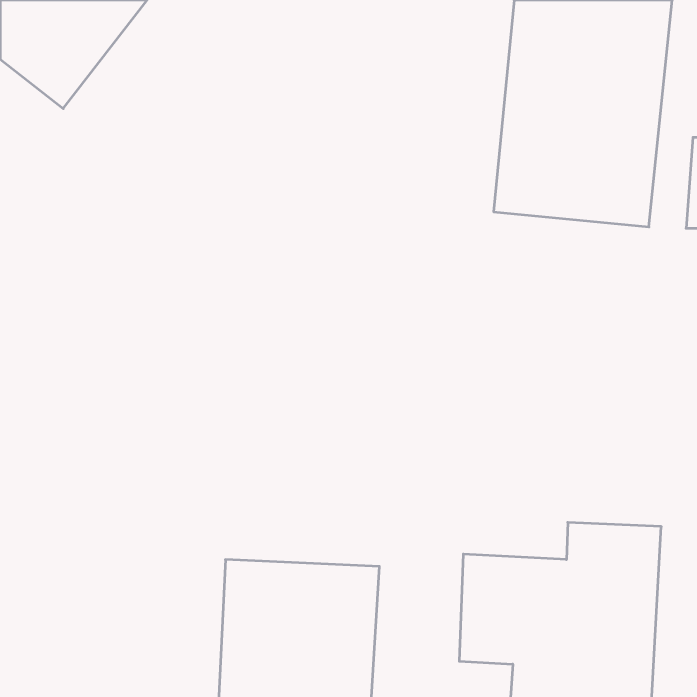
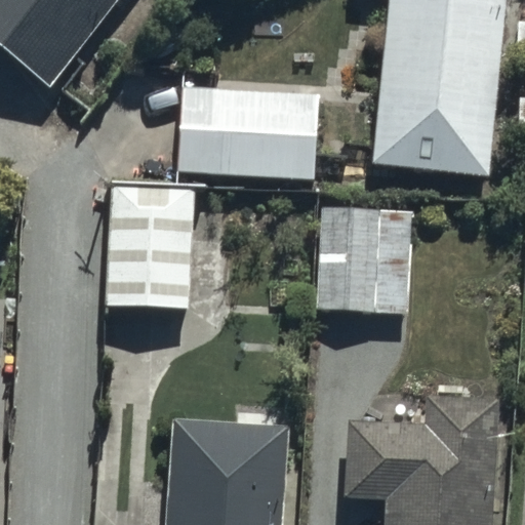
building: none -> [178,86,320,179]
building: none -> [108,184,194,308]
building: none -> [318,207,414,312]

